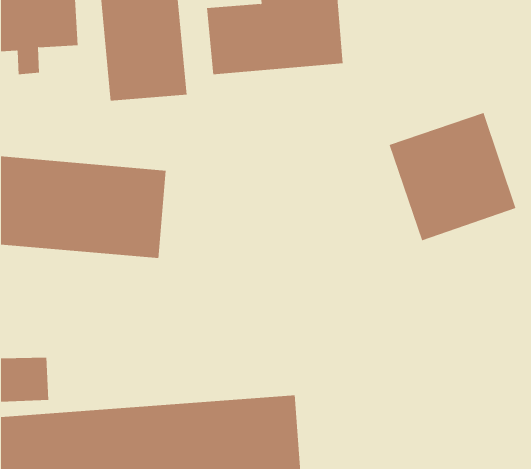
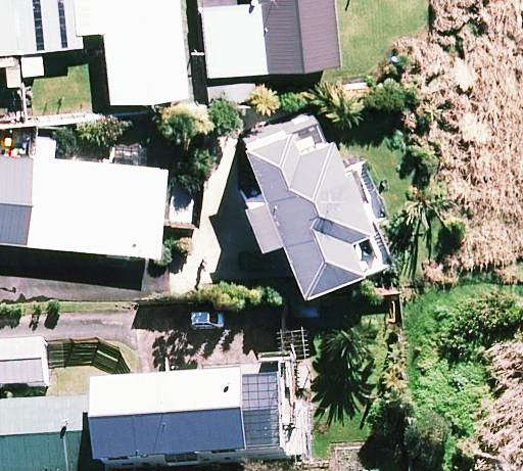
building: [389,112,516,241] -> none
building: none -> [241,122,370,285]

